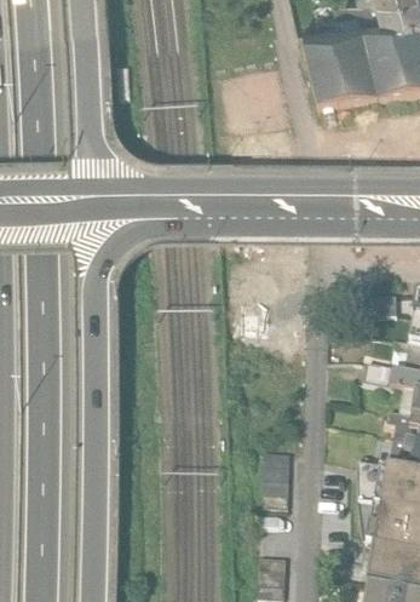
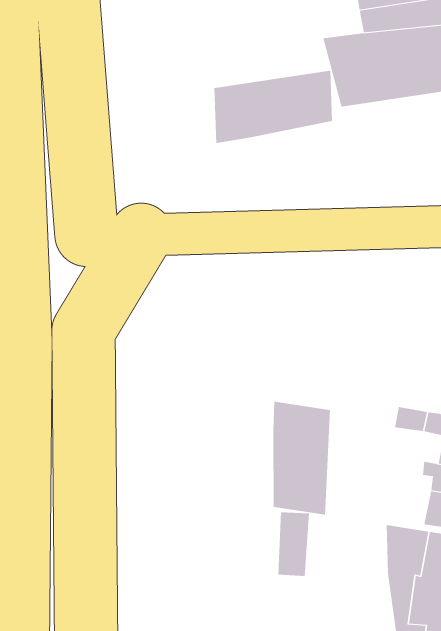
building: none -> [214,70,333,144]
building: none -> [273,401,331,516]

